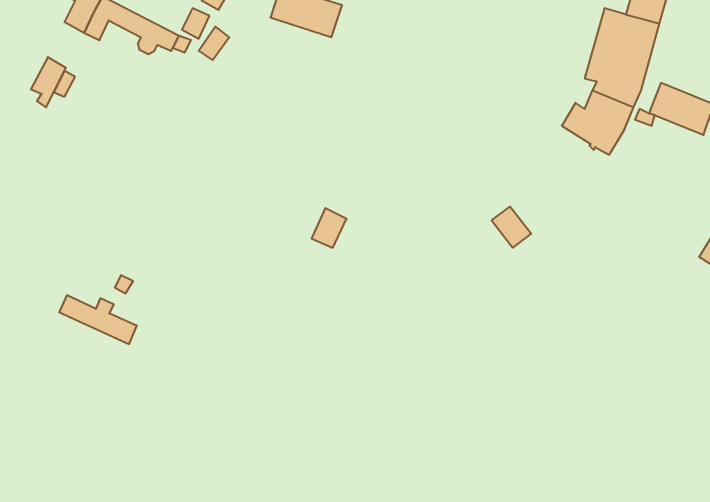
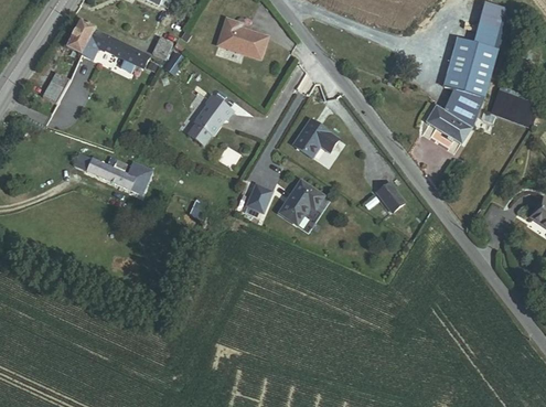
building: none -> [193,94,233,133]
building: none -> [292,117,339,156]
building: none -> [278,179,323,224]
building: [59,295,137,344] -> [87,158,143,193]

